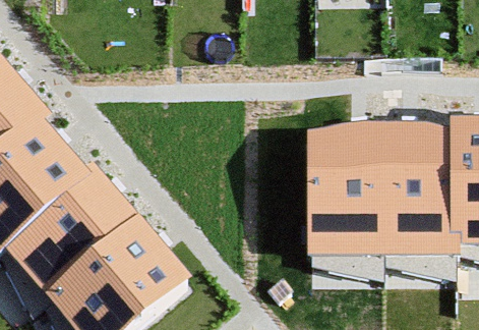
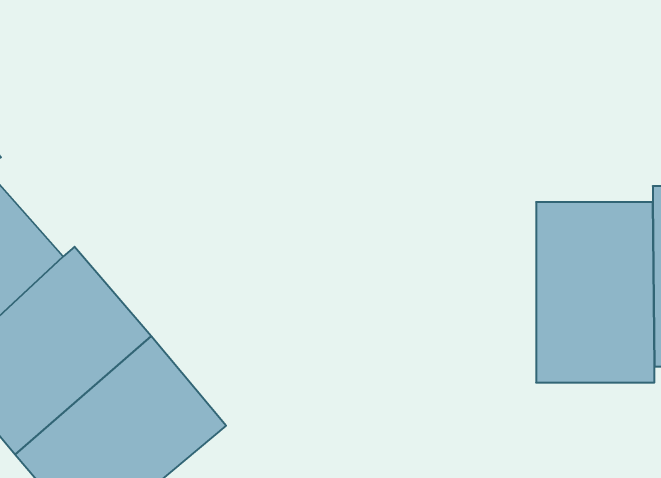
building: [310,134,384,250] -> none

